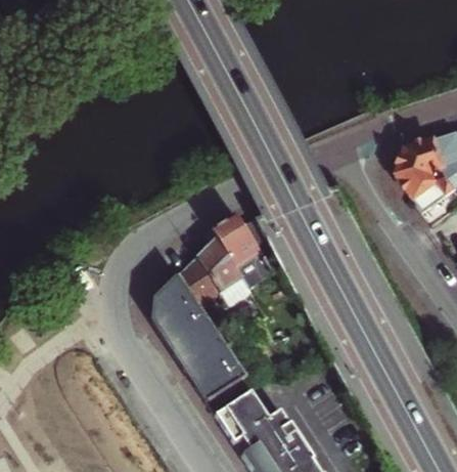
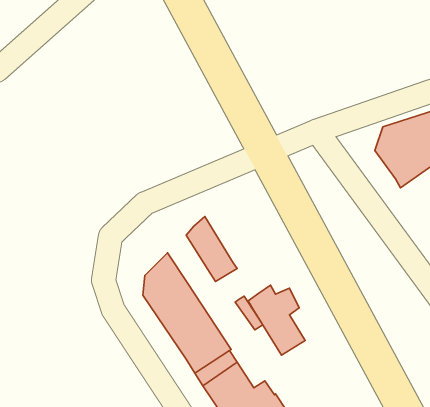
building: [214,215,273,288] -> [248,285,305,355]
building: [180,259,222,308] -> none

